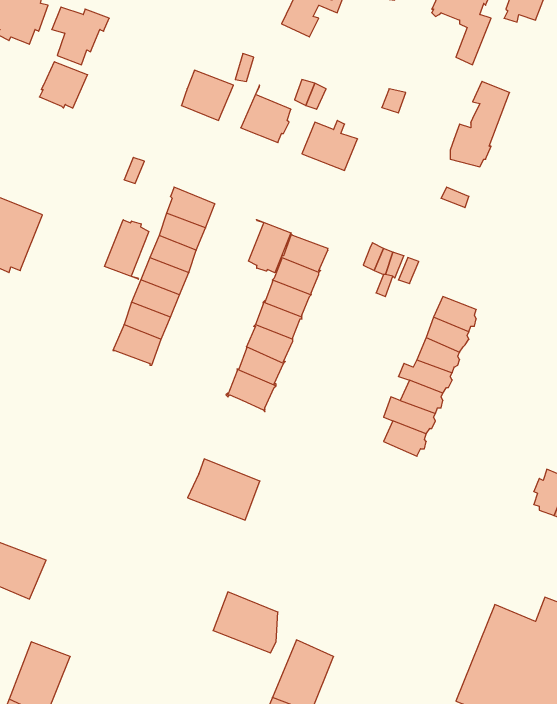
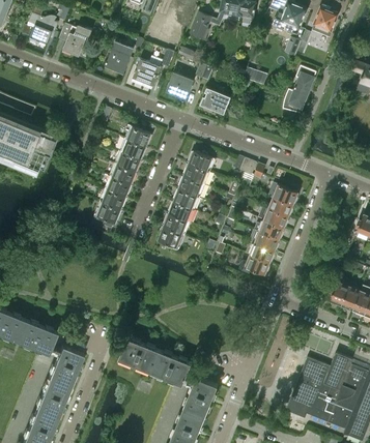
building: [39,62,88,108] -> [105,49,132,75]
building: [249,220,291,273] -> none
building: [105,220,149,279] -> none
building: [188,459,260,520] -> [118,337,159,372]
building: none -> [49,347,83,386]

